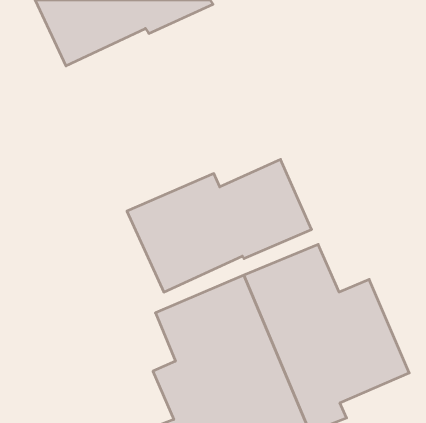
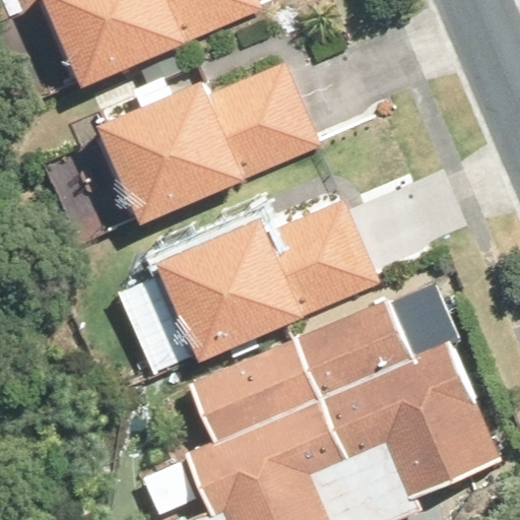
building: none -> [95,61,319,222]

